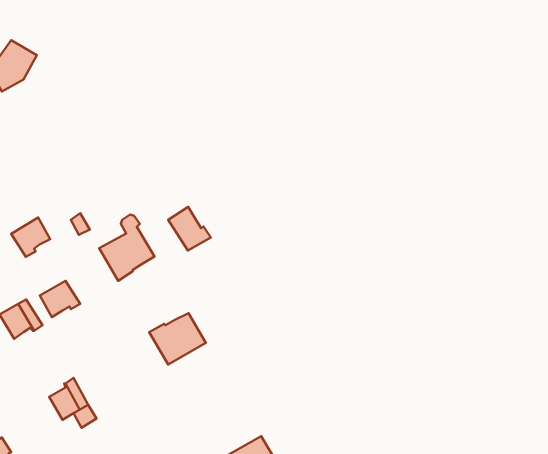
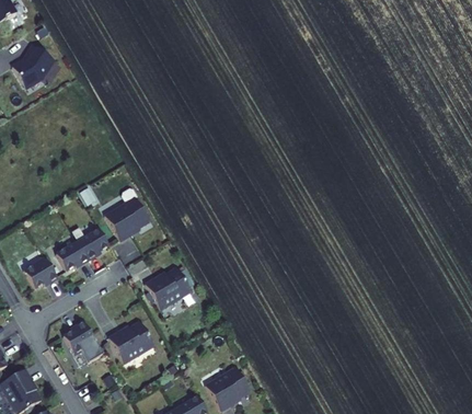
building: [168,207,211,250] -> none
building: [11,218,50,257] -> [77,228,108,260]
building: none -> [108,321,153,364]

